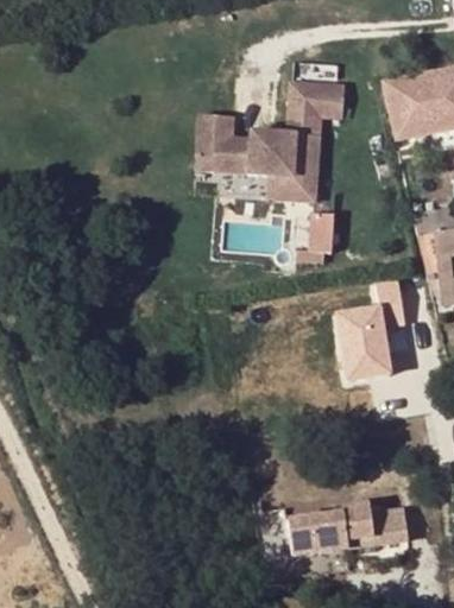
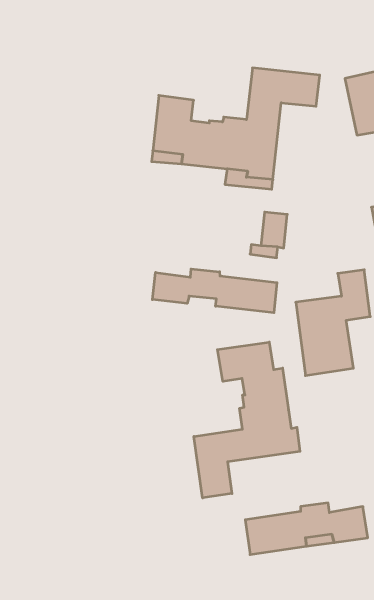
building: none -> [152,269,277,313]
building: none -> [194,342,300,498]

